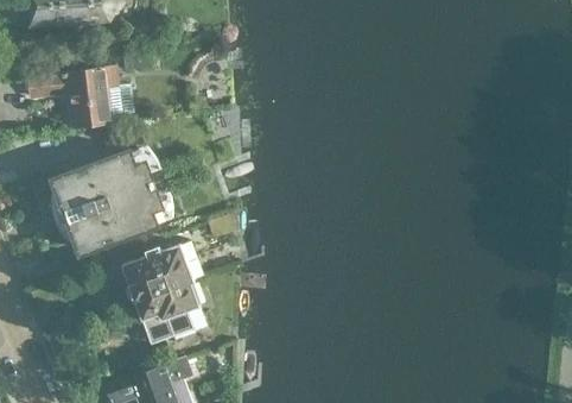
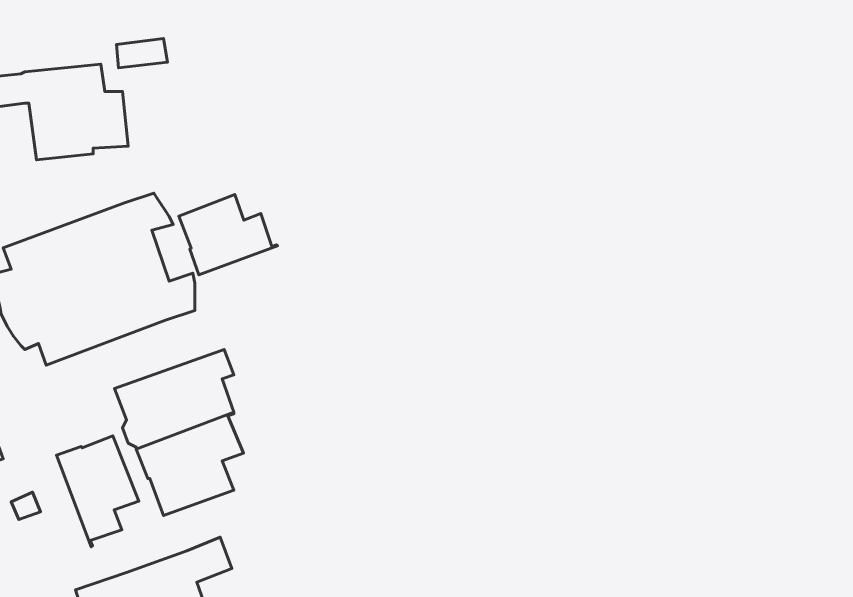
building: none -> [179,195,277,275]
building: none -> [56,436,139,547]

